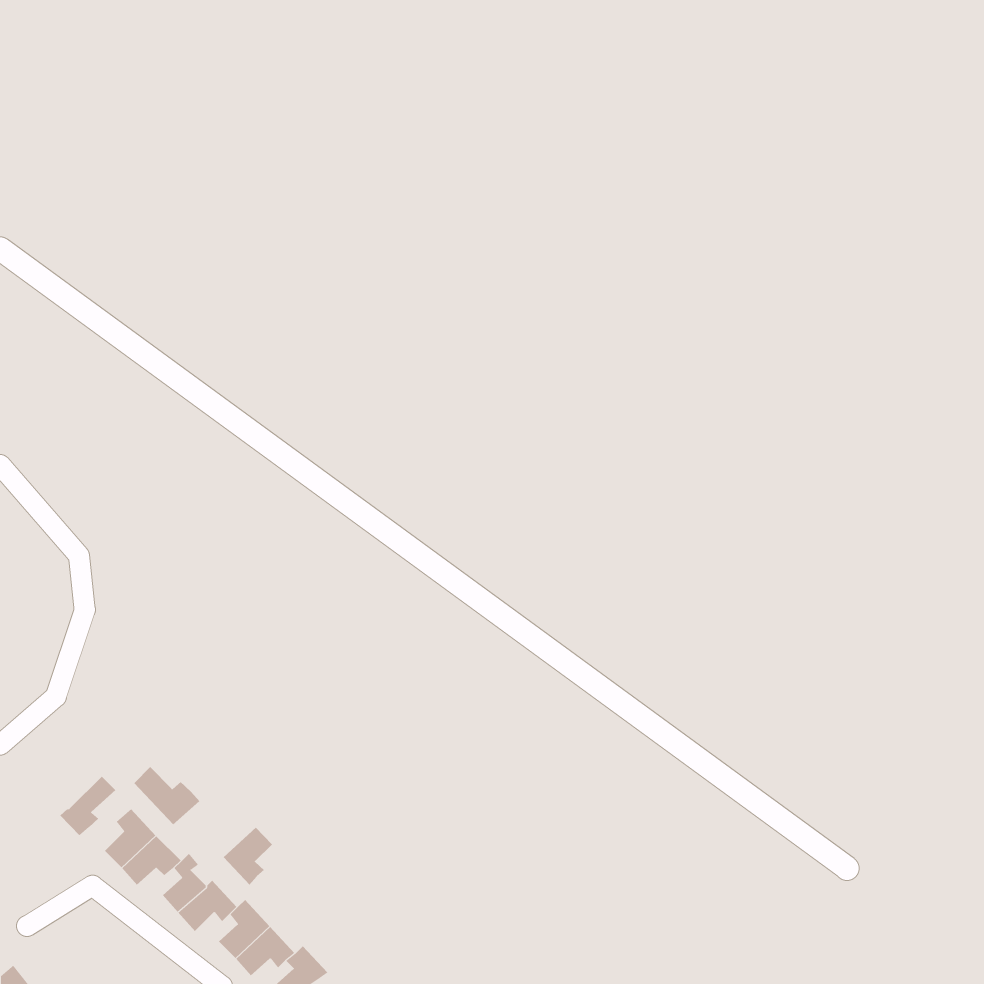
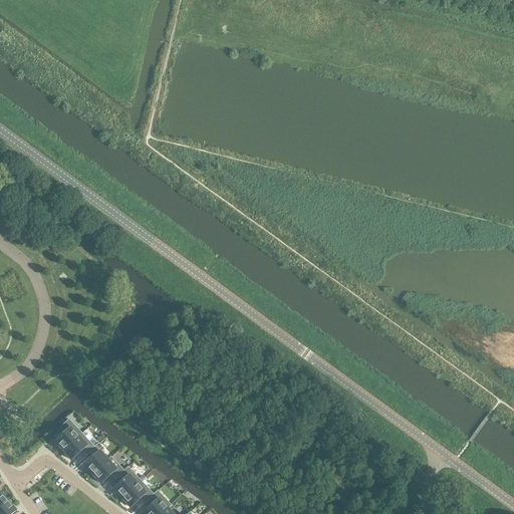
building: [134,766,200,825] -> none
building: [60,776,116,836] -> none
building: [223,827,273,886] -> none

